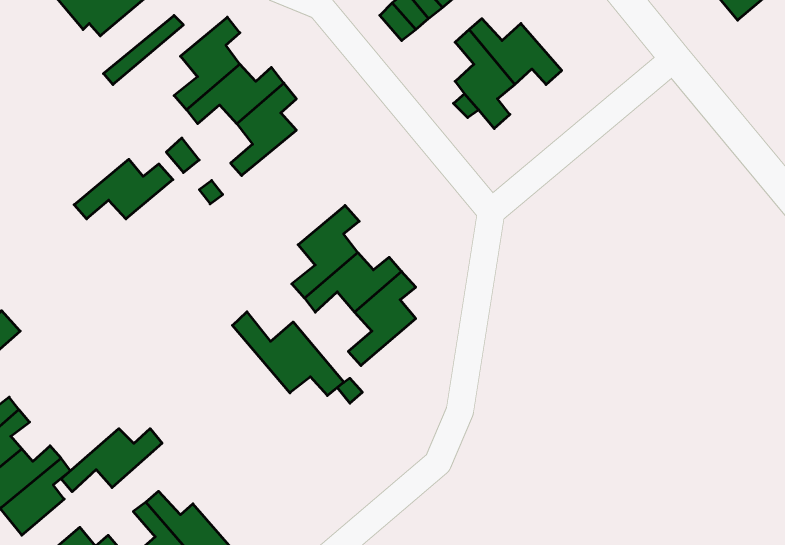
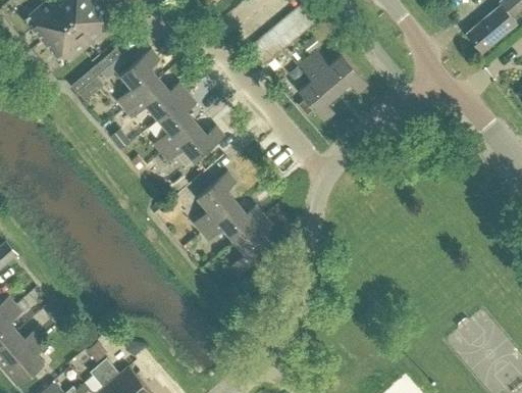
building: [74,159,173,219] -> [160,122,224,161]
building: [232,312,344,396] -> none
building: [61,429,162,492] -> none

